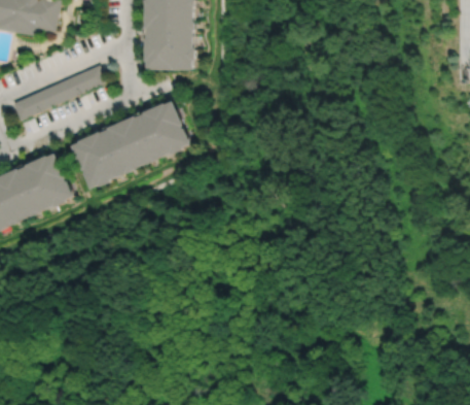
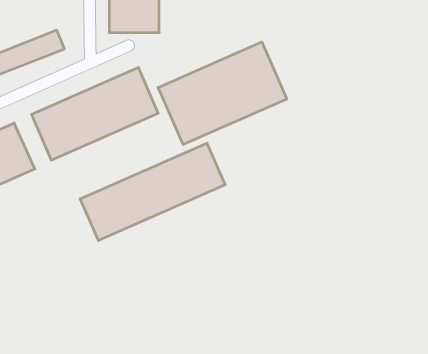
building: none -> [158,42,287,145]
building: none -> [80,143,225,241]

